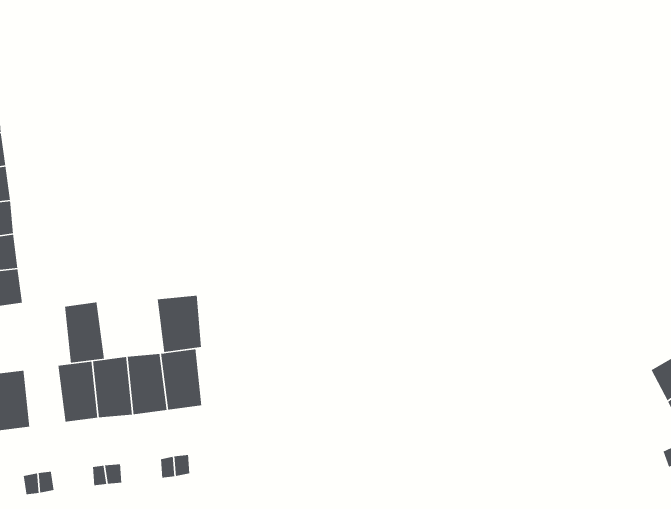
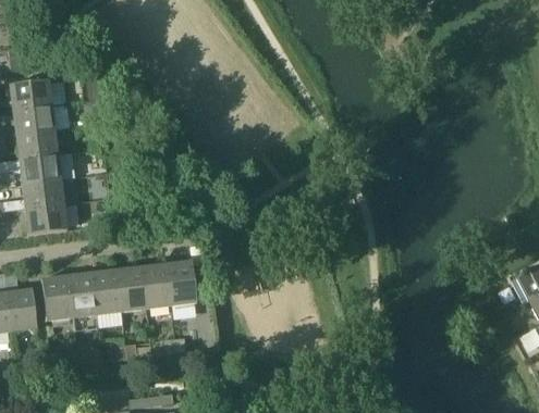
building: [157,295,202,353] -> none
building: [64,302,105,364] -> [68,272,97,316]

